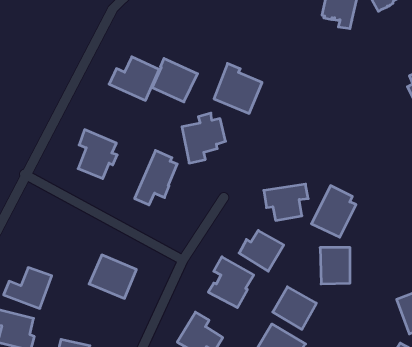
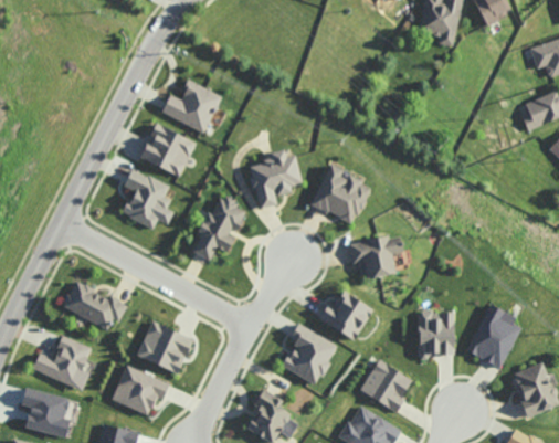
building: [152,58,198,102] -> [140,124,196,177]
building: [214,63,262,113] -> [310,164,369,224]
building: [311,186,356,237] -> [465,305,519,368]
building: none -> [62,283,127,328]
building: none -> [112,366,169,415]

